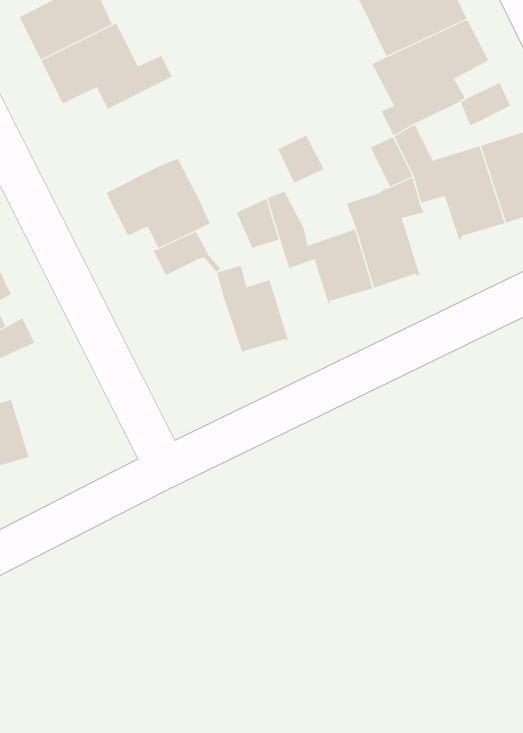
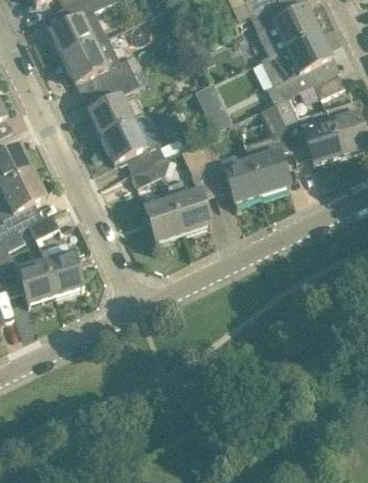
building: none -> [88,66,148,136]
building: none -> [143,199,182,242]
building: none -> [45,250,84,294]

